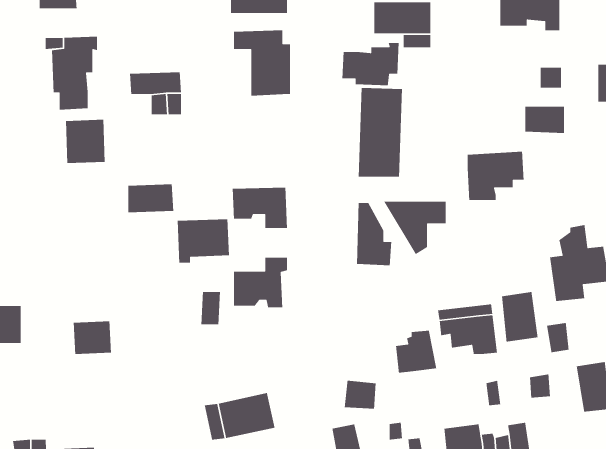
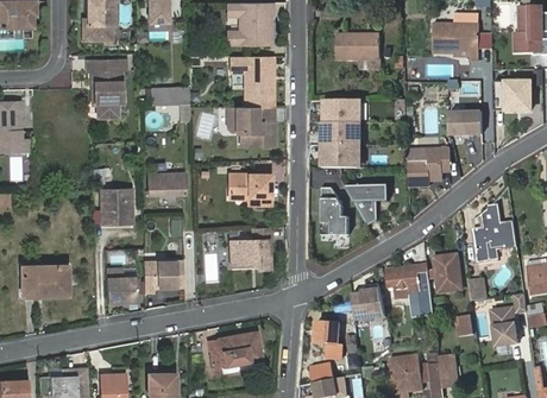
building: [342,42,400,86] -> none
building: none -> [228,105,273,140]
building: [65,119,106,164] -> [101,189,132,223]
building: [177,219,230,264] -> [143,259,183,293]

